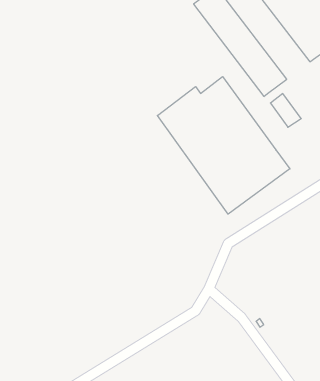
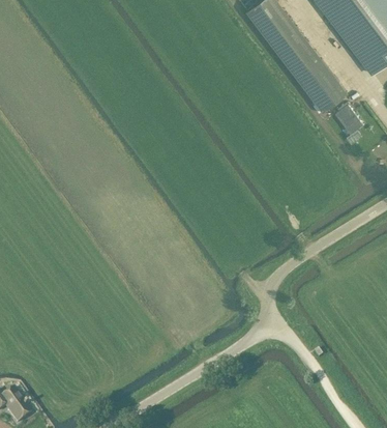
building: [157,77,290,214] -> none

